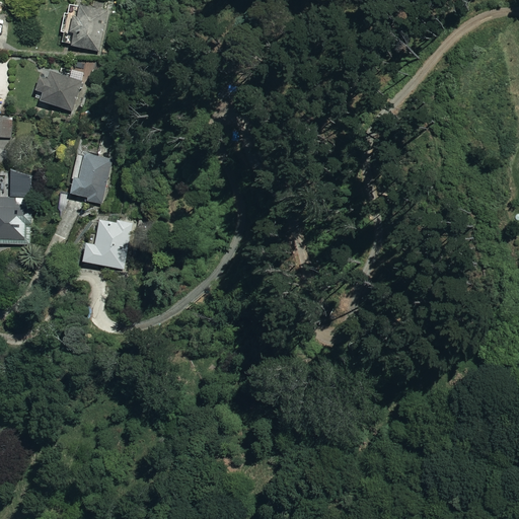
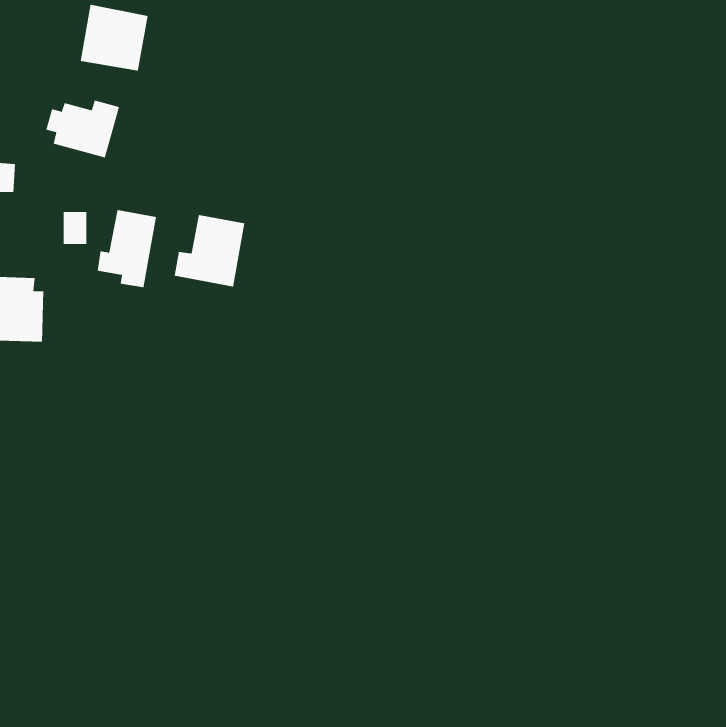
building: [9,171,26,195] -> [63,212,87,244]
building: [81,218,132,270] -> [174,215,245,287]

